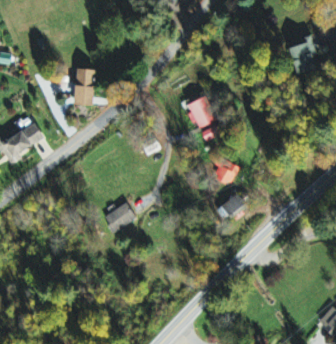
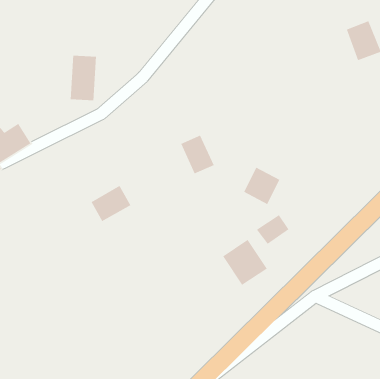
building: [185,97,212,128] -> [180,135,215,174]
building: [103,202,135,231] -> [90,185,131,222]
building: none -> [222,239,268,286]

